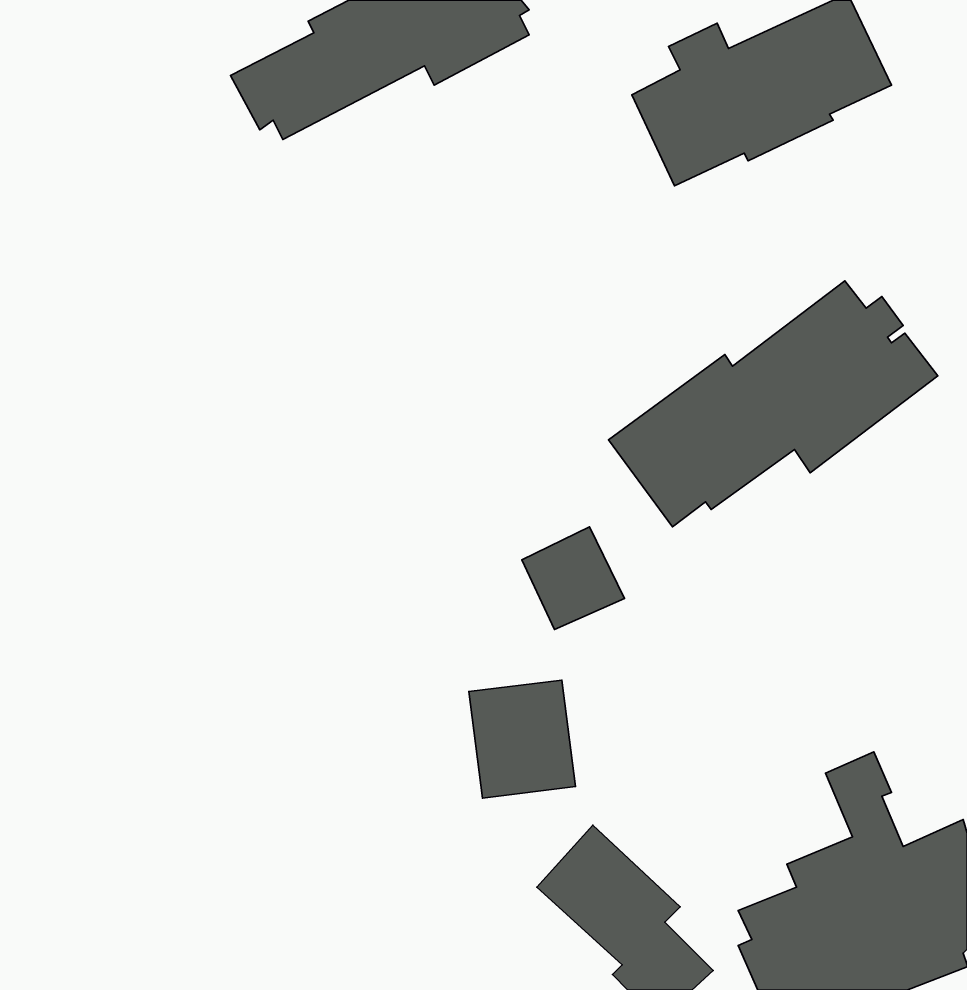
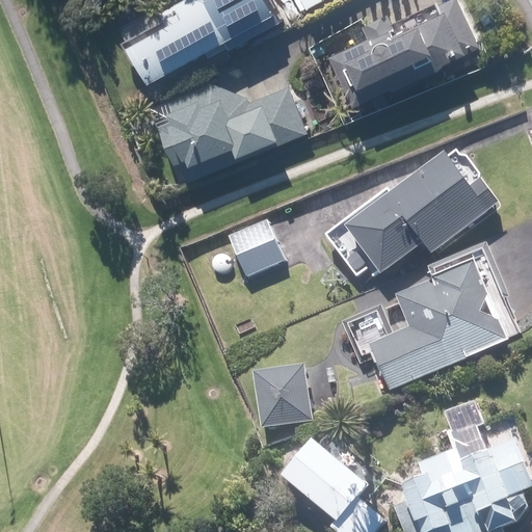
building: none -> [150,81,307,179]
building: none -> [338,243,509,389]
building: [522,527,624,630] -> [229,220,284,275]

